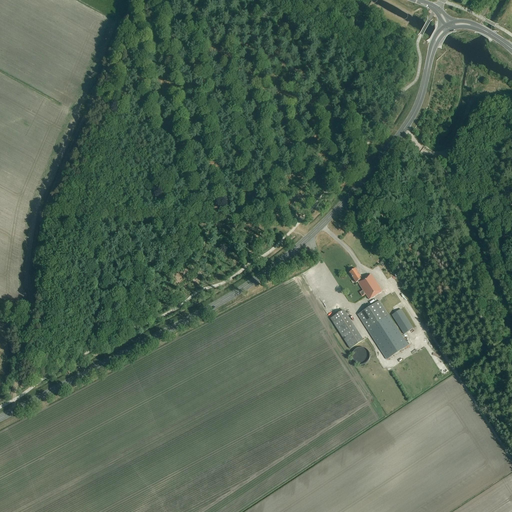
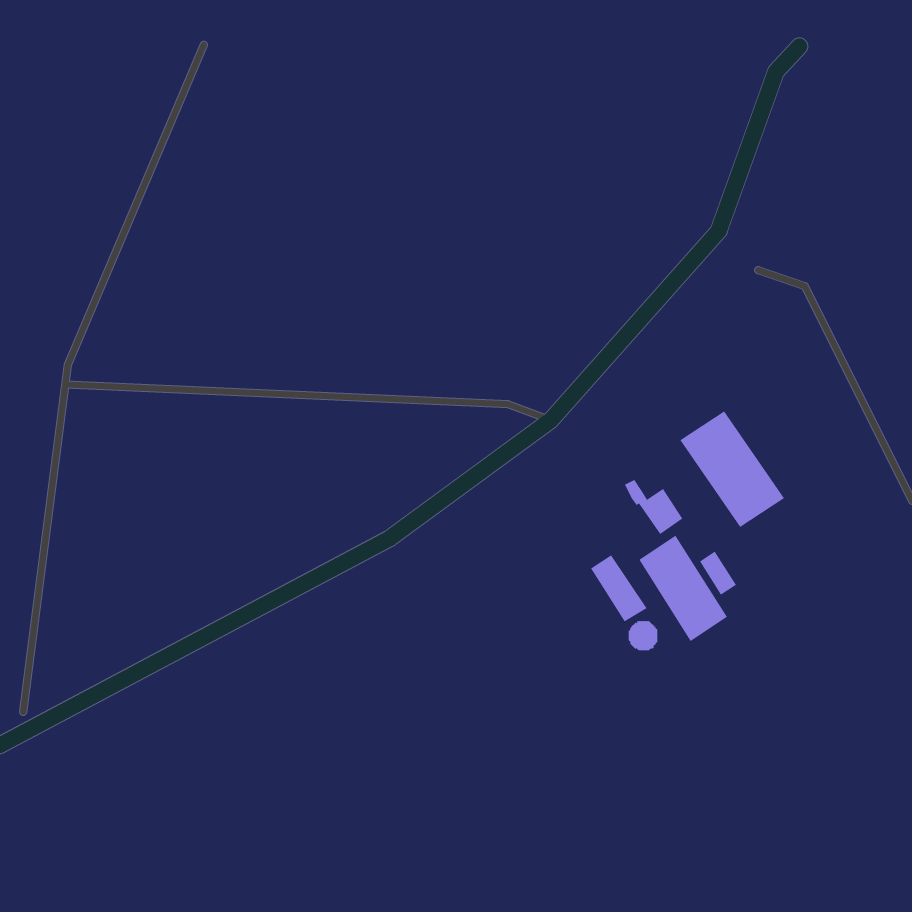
building: none -> [679,411,785,528]

